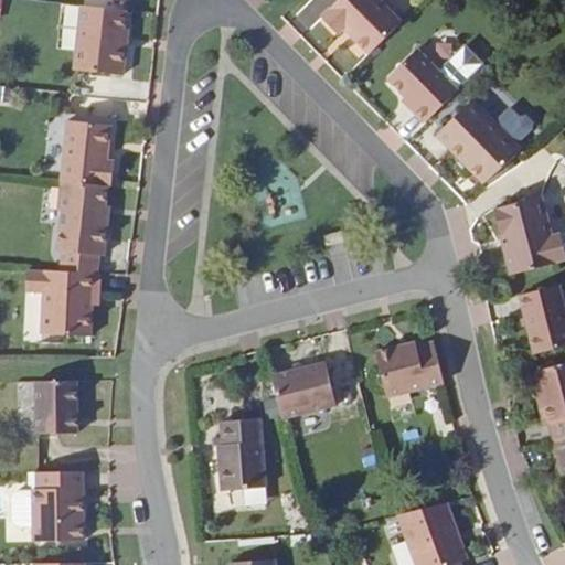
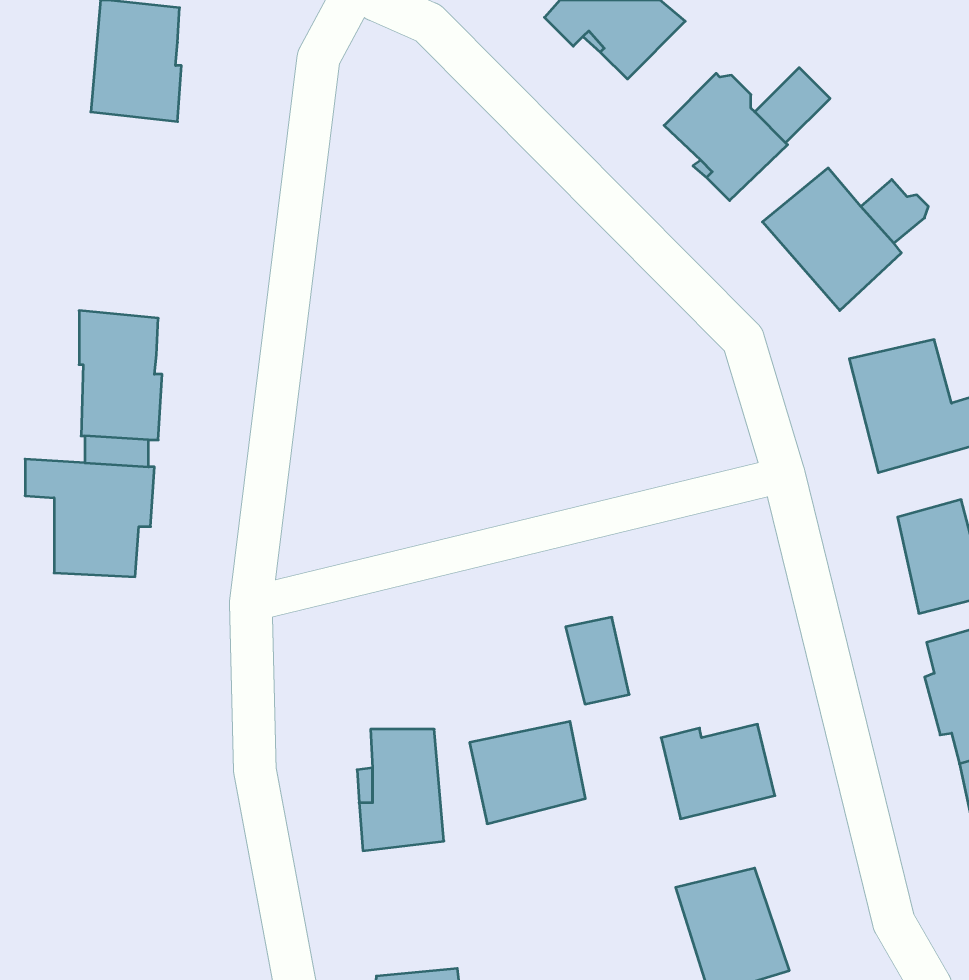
building: [55,122,105,185] -> none
building: [376,337,441,391] -> [661,724,775,819]
building: [268,362,334,420] -> [470,721,585,824]
building: [39,383,83,438] -> none
building: [15,473,85,545] -> none

